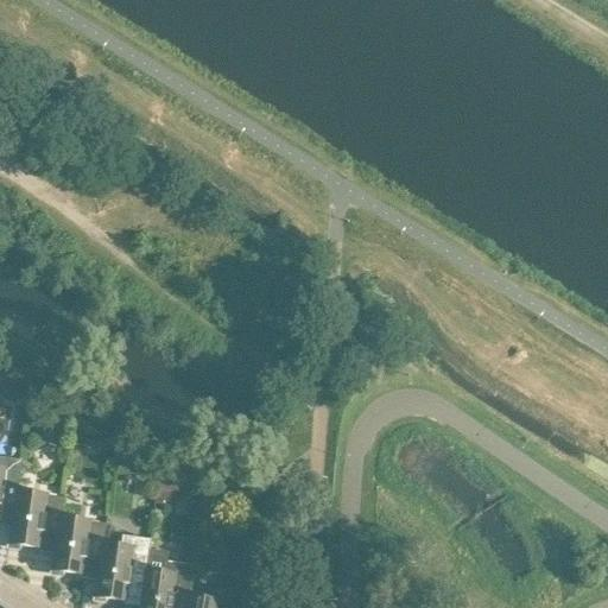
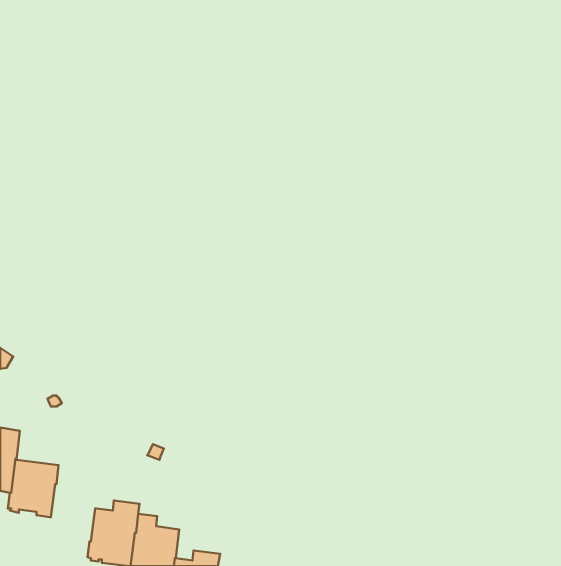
building: [56,519,110,581] -> none

